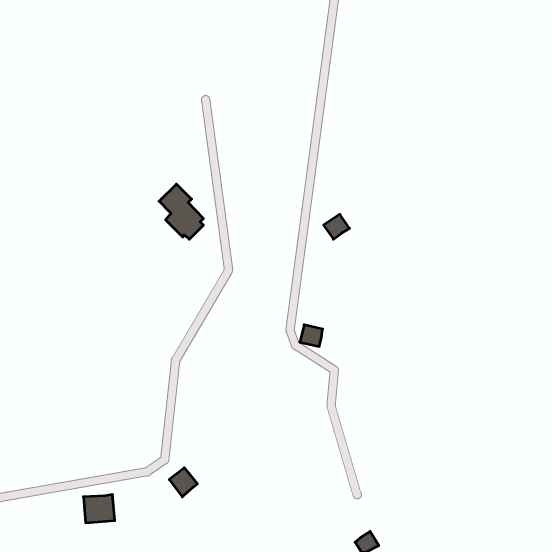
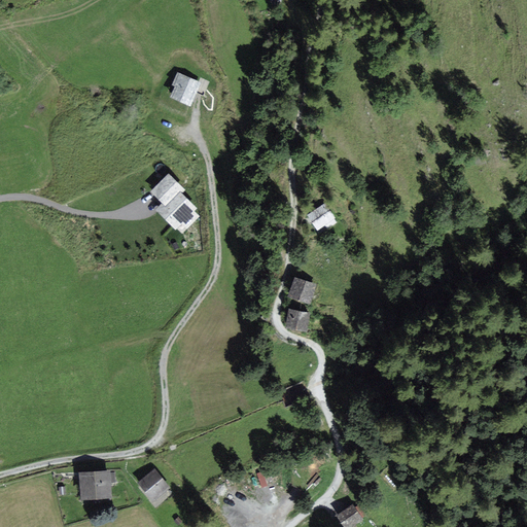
building: none -> [172,73,198,103]
building: none -> [288,278,314,302]
building: [169,468,197,497] -> [140,469,167,497]

